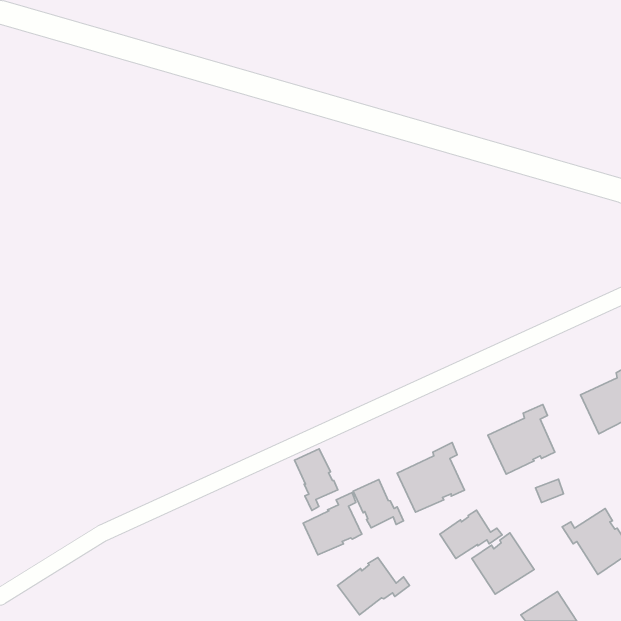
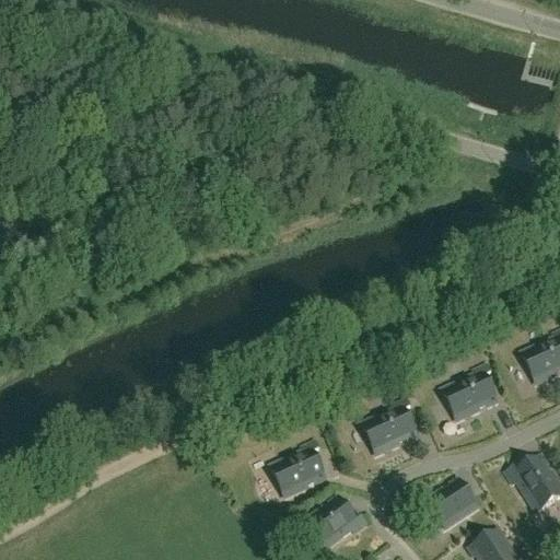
building: [295,449,338,511] -> none
building: [353,479,403,528] -> none
building: [440,510,502,559] -> none

